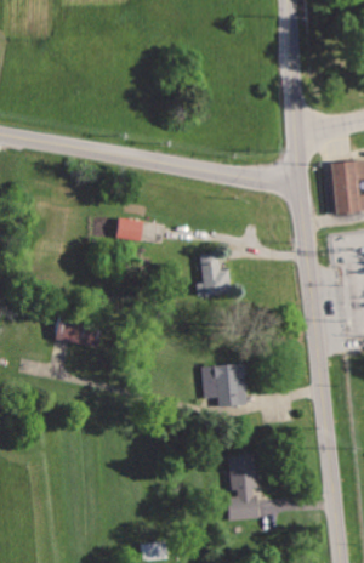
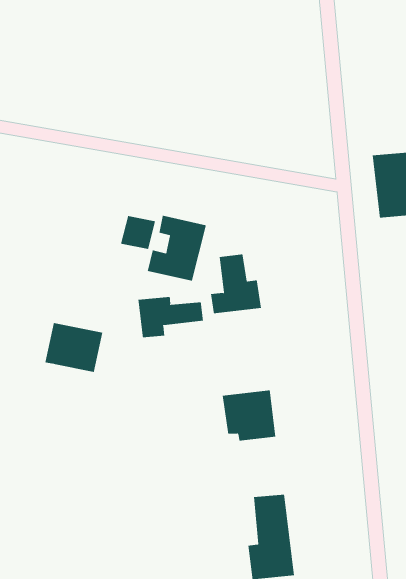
building: none -> [147,215,207,282]
building: none -> [138,296,203,338]

